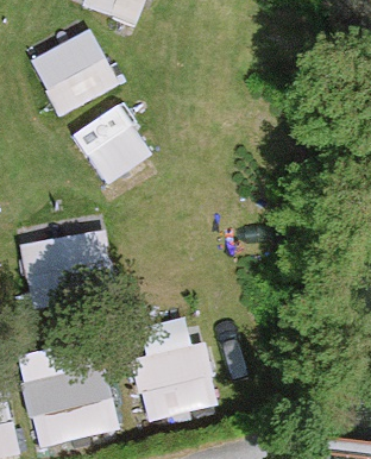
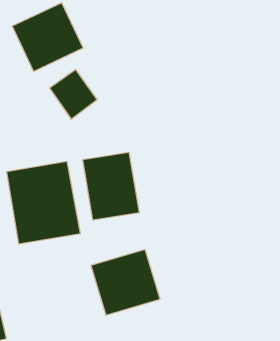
building: none -> [83,152,139,220]
building: [25,369,118,444] -> none

